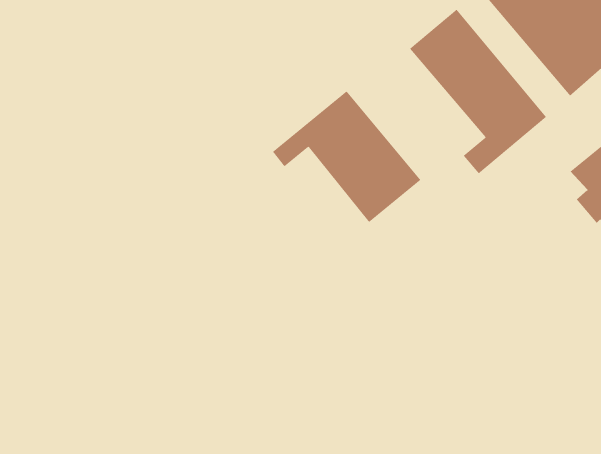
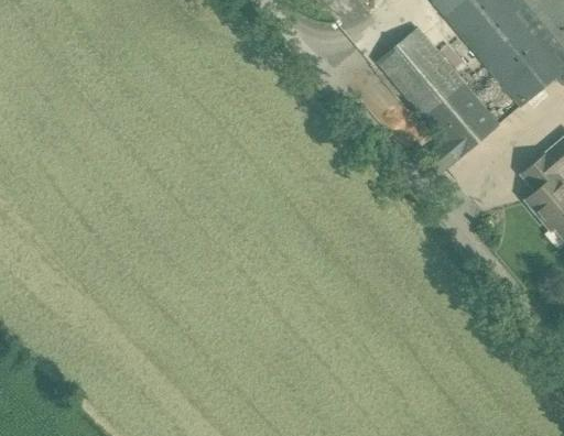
building: [272,90,421,223] -> none

